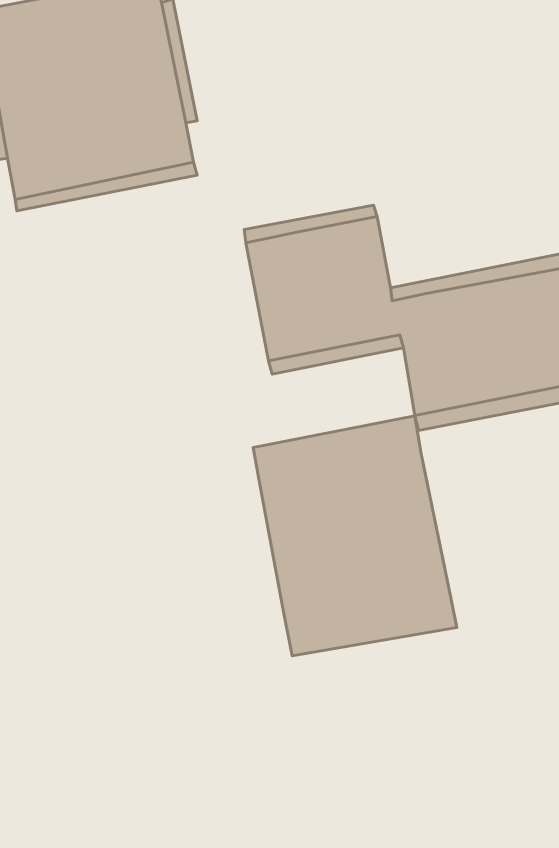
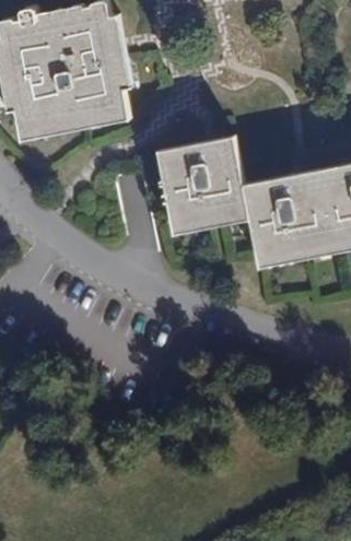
building: [253,416,457,656] -> none

